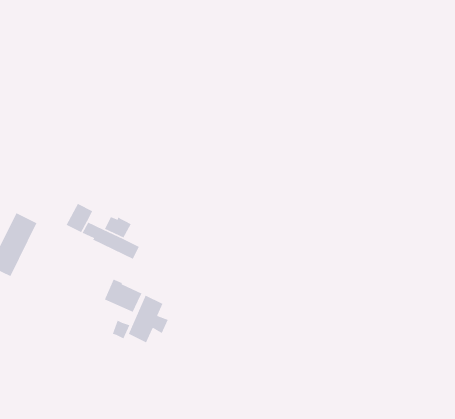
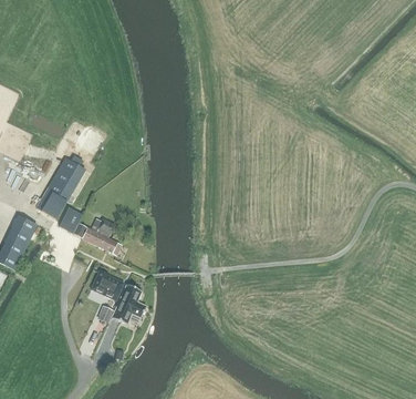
building: none -> [37,157,83,217]

